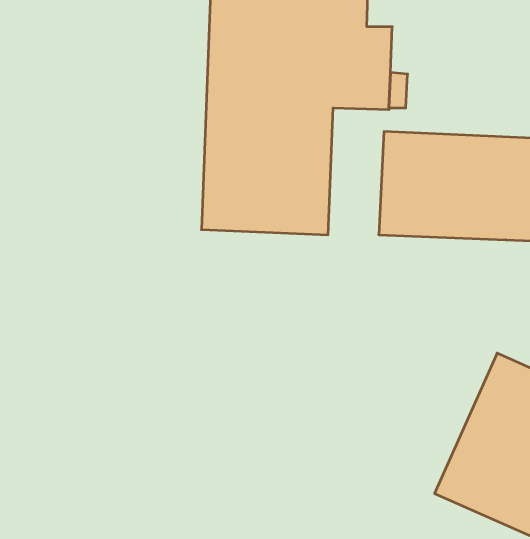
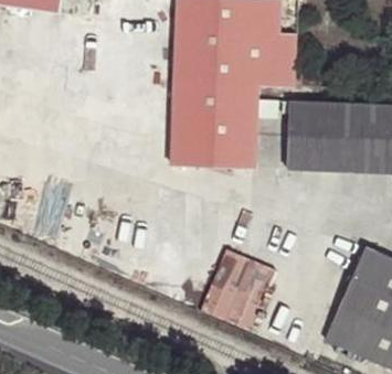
building: none -> [202,245,279,330]

